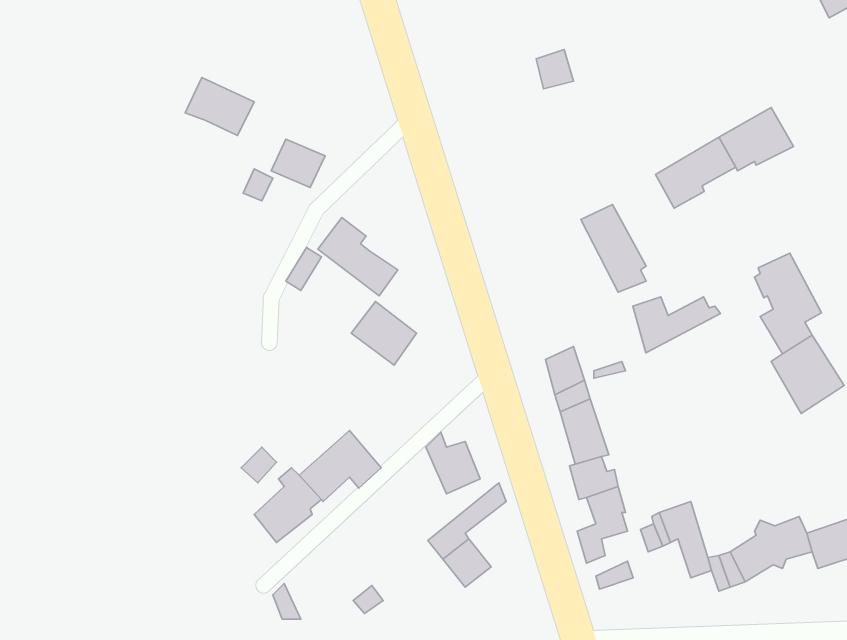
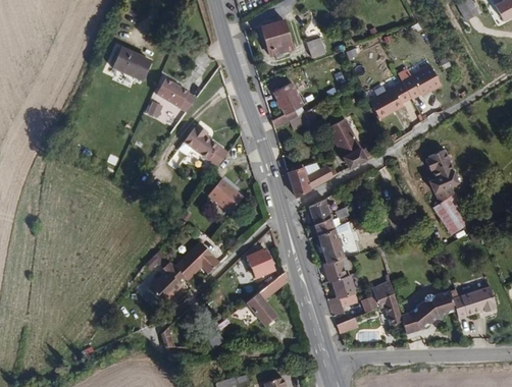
building: none -> [263,18,294,55]
building: none -> [273,80,306,128]
building: [633,297,720,353] -> [289,166,337,197]

